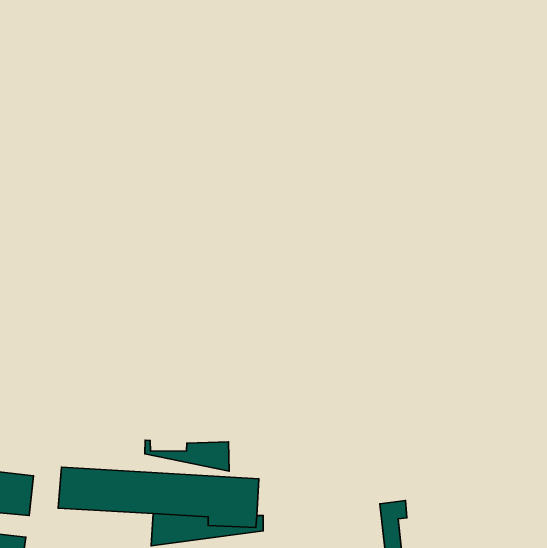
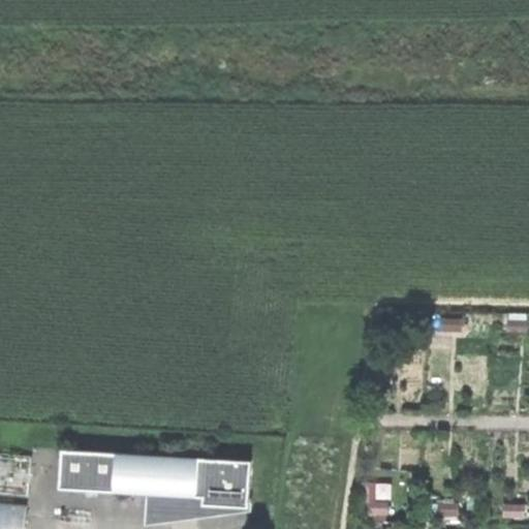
building: [145,440,229,471] -> none

